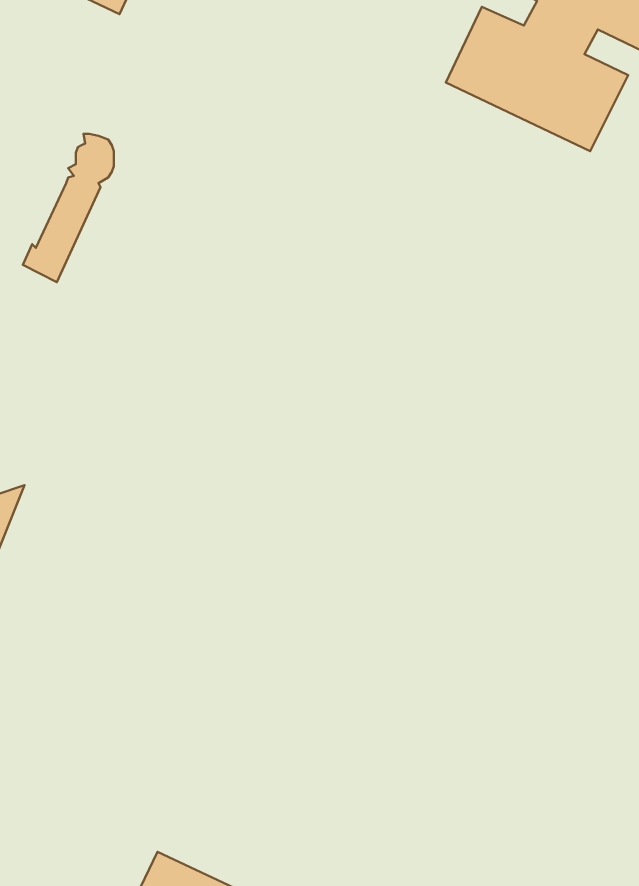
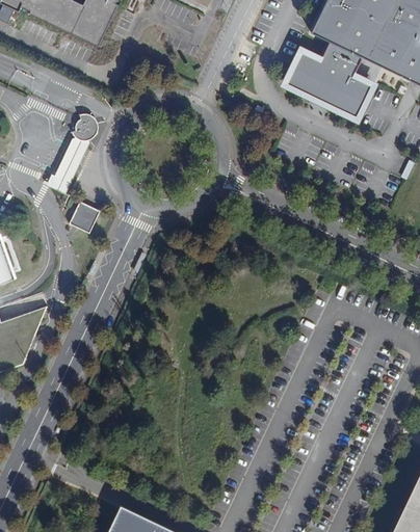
building: none -> [70,200,101,231]

